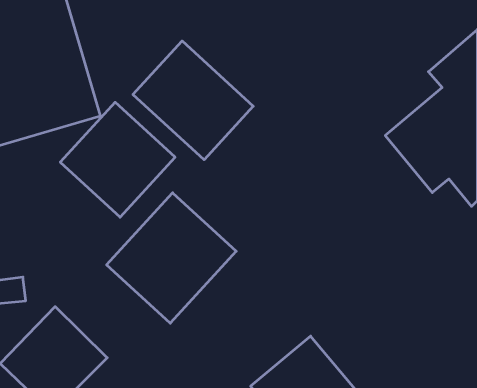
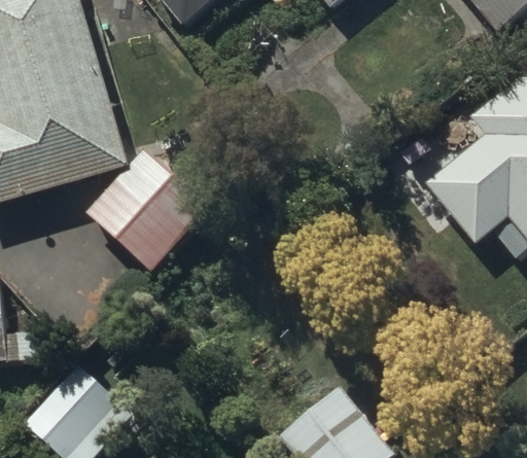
building: [133,41,253,160] -> none
building: [107,193,236,323] -> none

